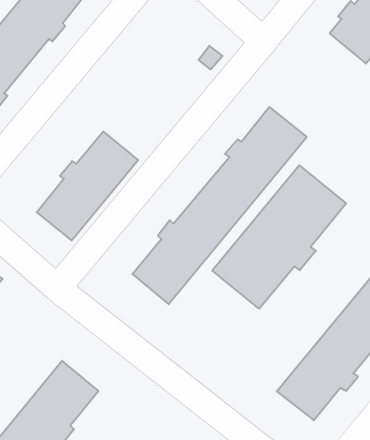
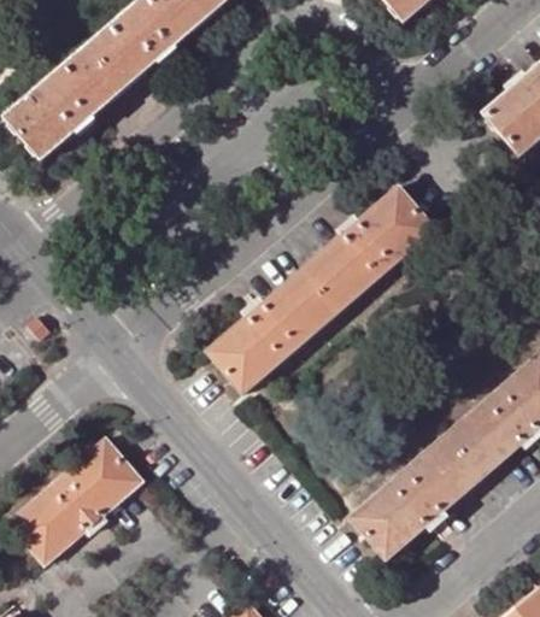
building: [37,131,138,241] -> none
building: [212,165,346,309] -> none

